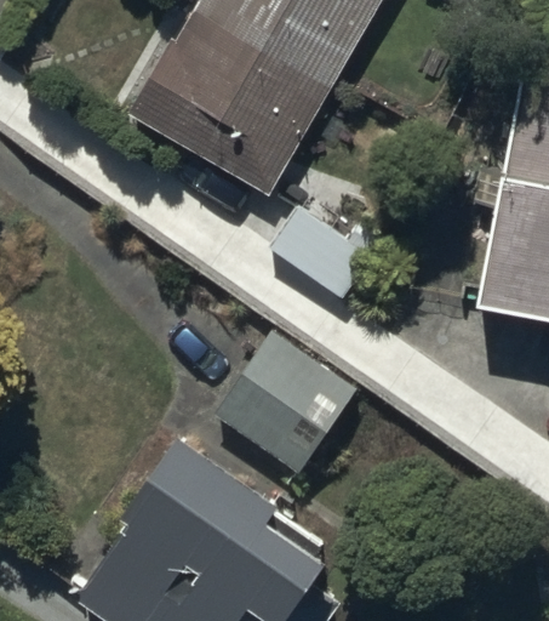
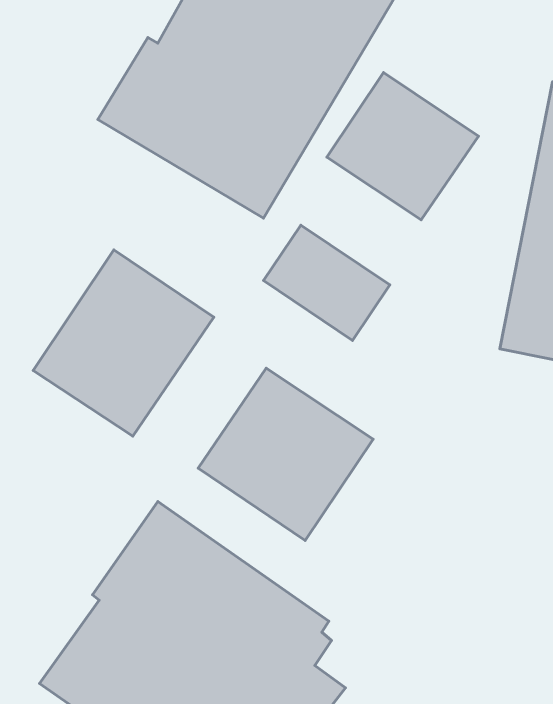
building: none -> [327,72,478,220]
building: none -> [33,250,214,436]

